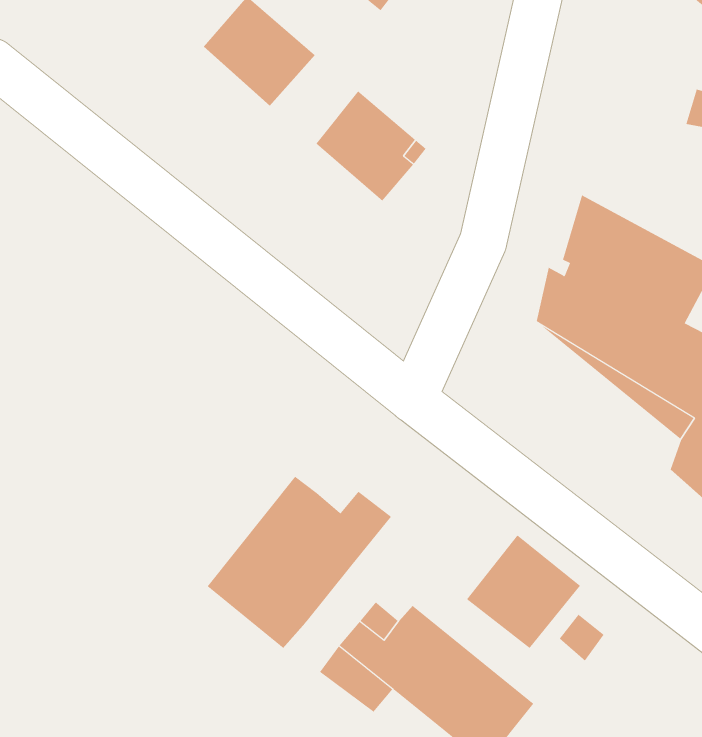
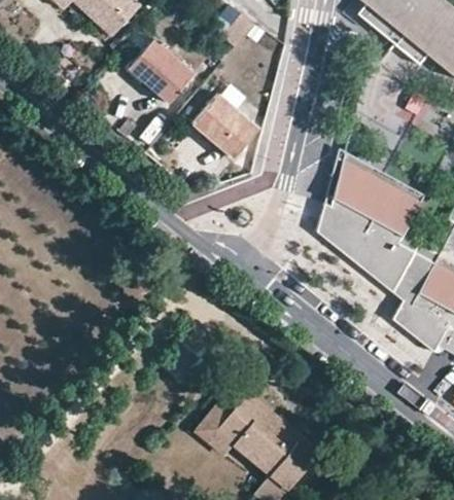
building: [207,476,392,649] -> none
building: [466,535,581,649] -> none

